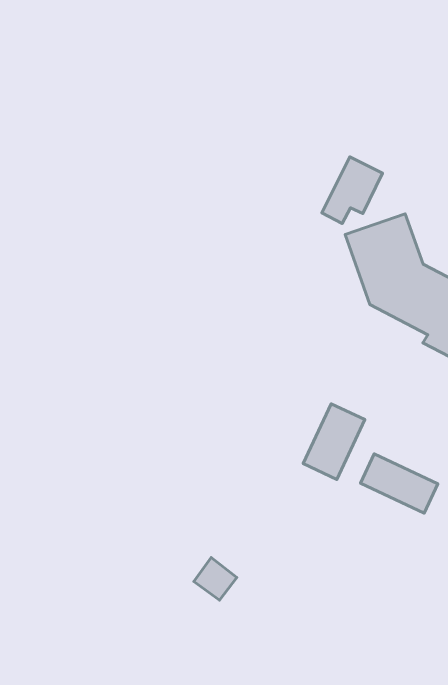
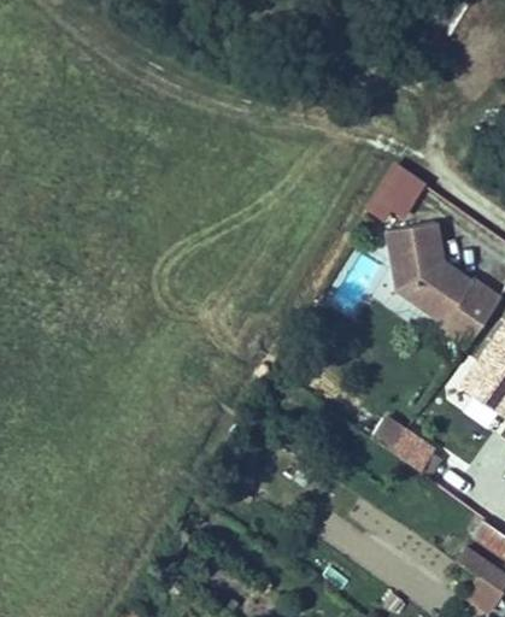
building: [303,404,365,479] -> none

